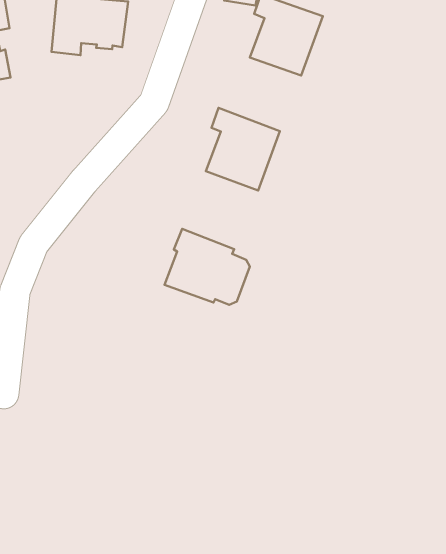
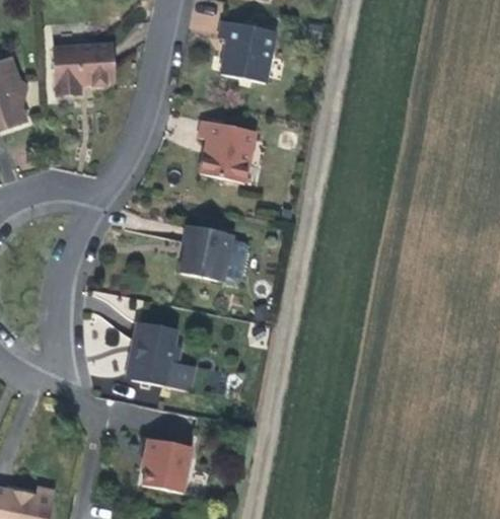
building: none -> [127,320,194,389]
building: none -> [142,437,192,492]

